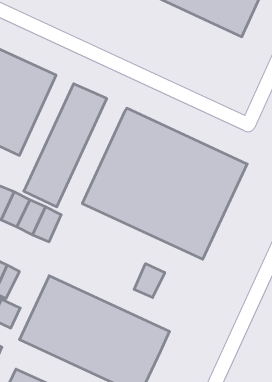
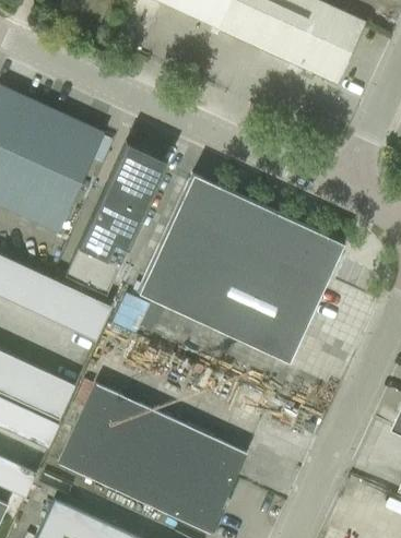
building: [134,264,165,298] -> none
building: none -> [42,378,74,419]

